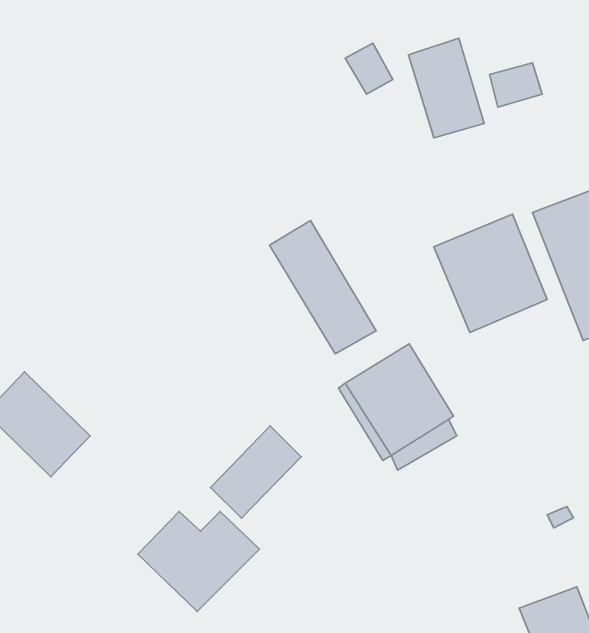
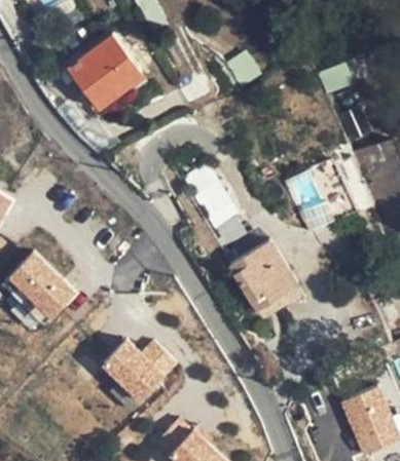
building: none -> [67,33,142,107]
building: [408,38,484,138] -> none
building: [210,426,301,518] -> none

